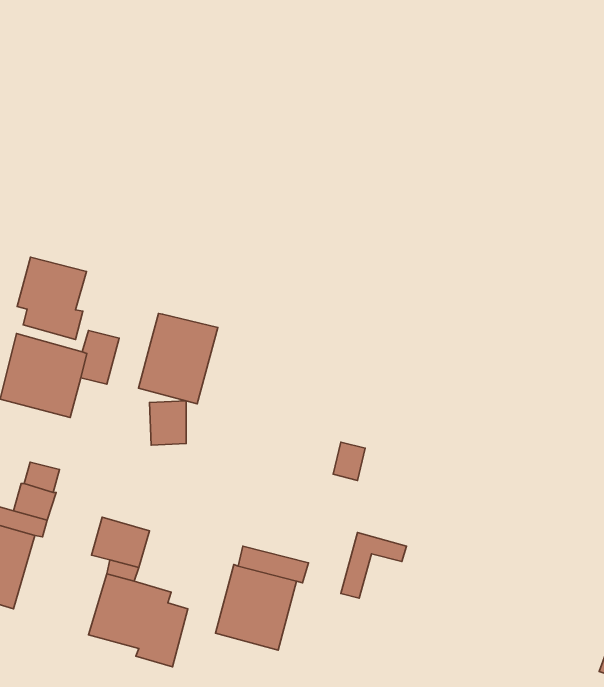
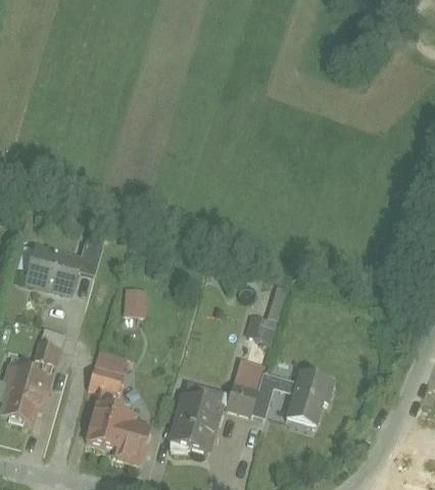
building: [17,257,87,340] -> none
building: [139,313,218,404] -> none
building: none -> [226,358,265,418]
building: none -> [286,372,334,429]

